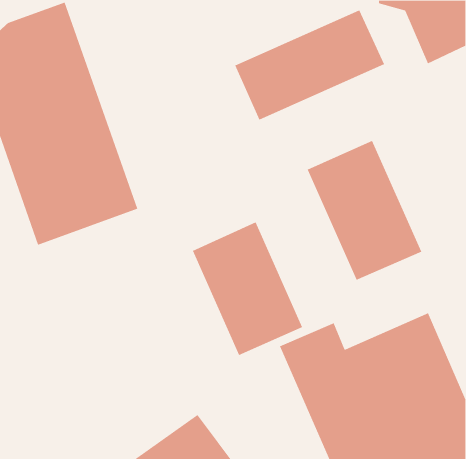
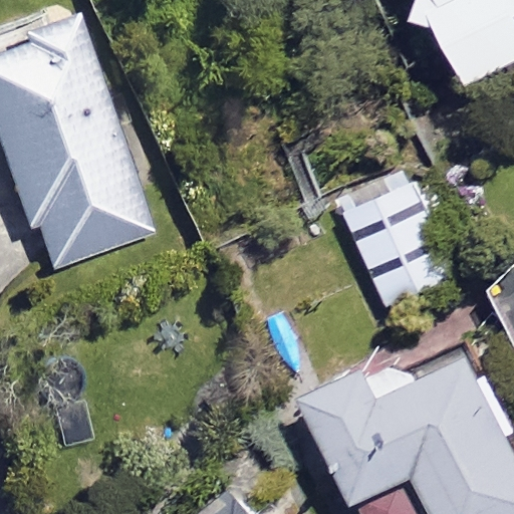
building: [234,10,385,121] -> none
building: [192,221,303,356] -> none

